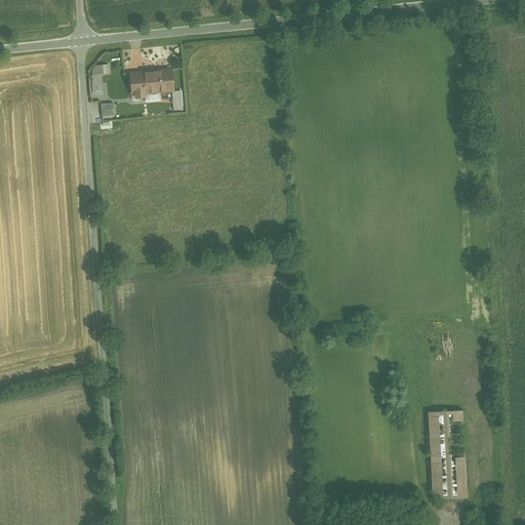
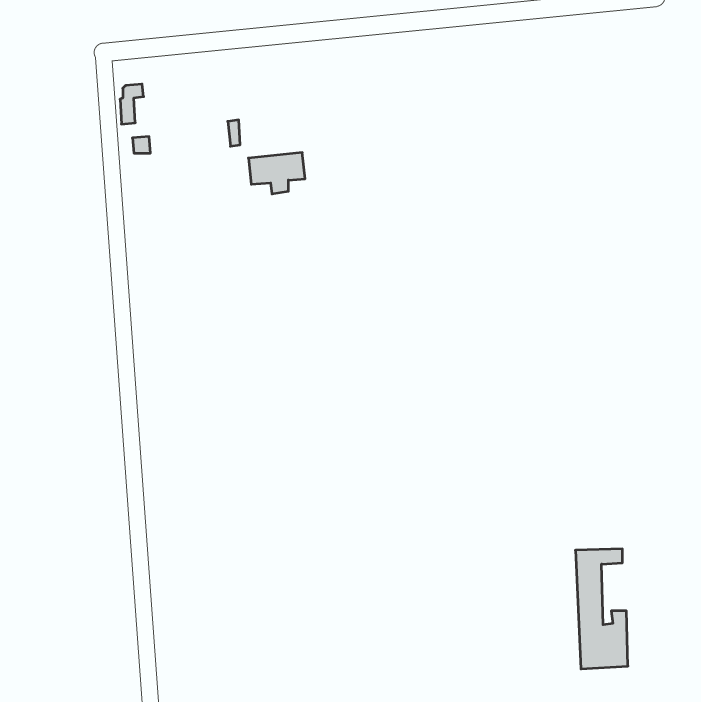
building: [128,69,170,99] -> [248,153,305,194]

